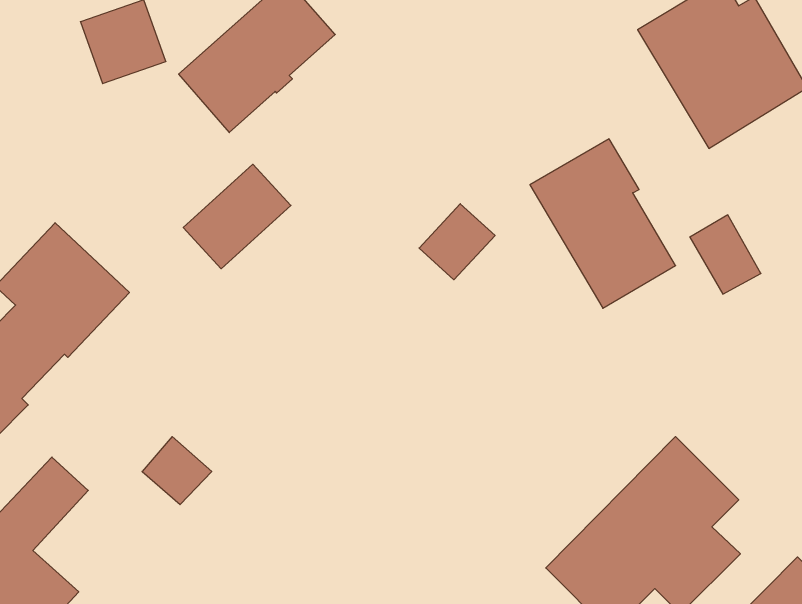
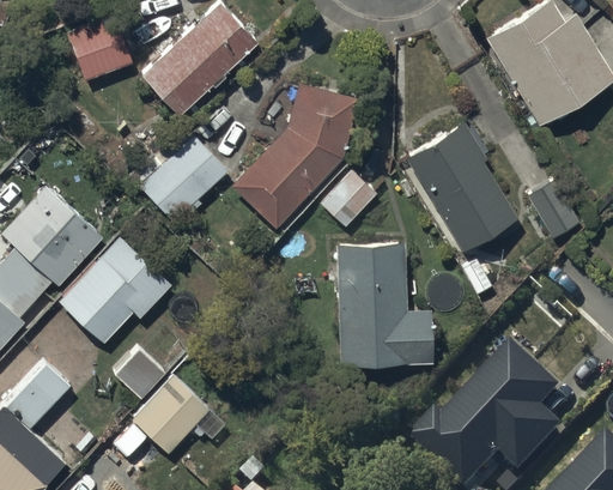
building: none -> [229,84,354,229]
building: none -> [60,236,171,344]
building: none -> [335,242,431,367]
building: none -> [133,376,208,453]

